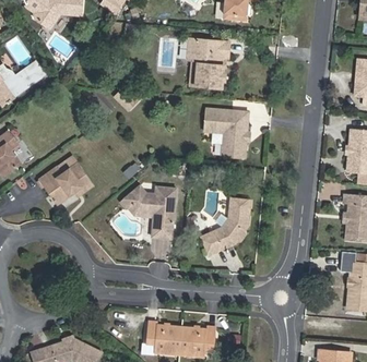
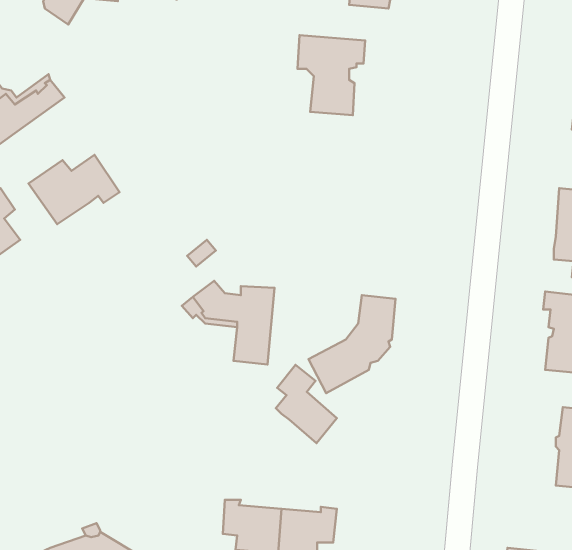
building: [205,108,250,157] -> none
building: [37,161,93,204] -> [29,155,119,224]
building: none -> [276,365,337,443]

